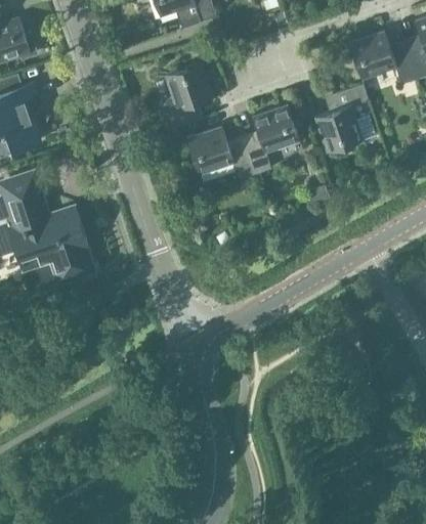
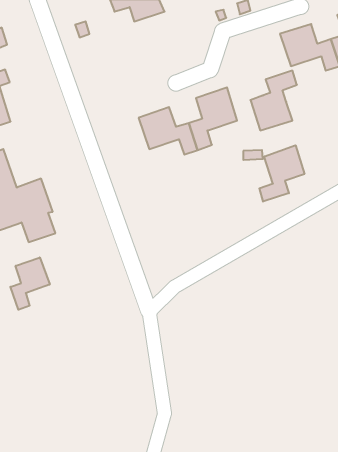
building: [158,62,213,131] -> none
building: none -> [259,145,304,202]
building: none -> [10,257,50,310]

